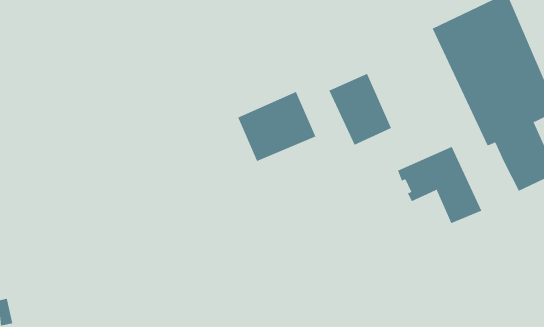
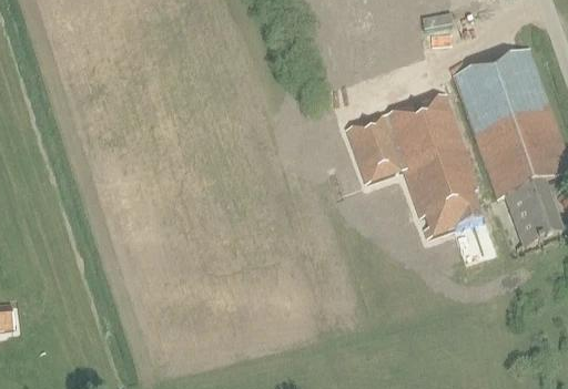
building: none -> [386,94,477,205]
building: [237,91,316,162] -> none

